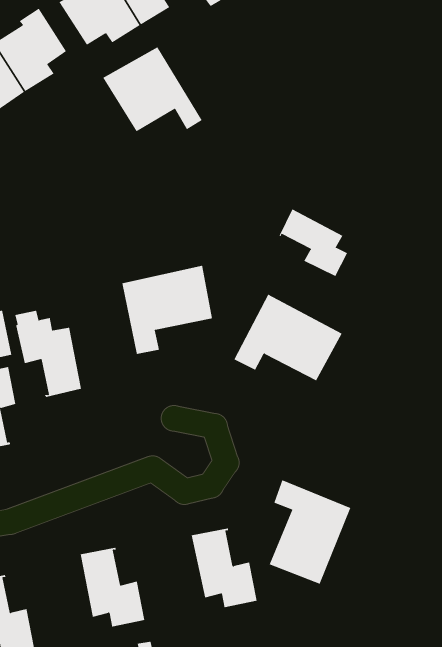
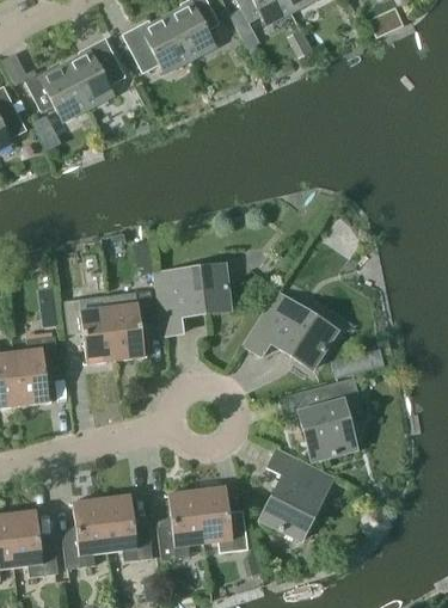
building: [103,46,203,132] -> none
building: [279,209,348,277] -> none
building: none -> [109,290,154,360]
building: none -> [277,377,362,461]
building: none -> [157,490,203,560]
building: none -> [61,498,108,569]

